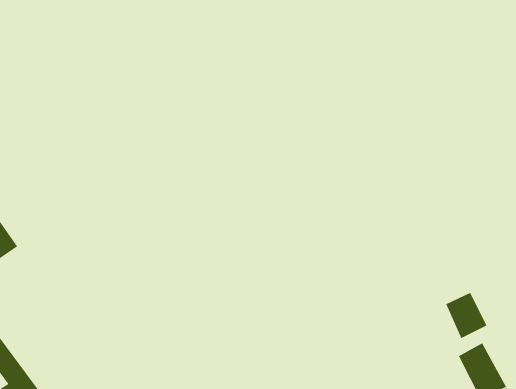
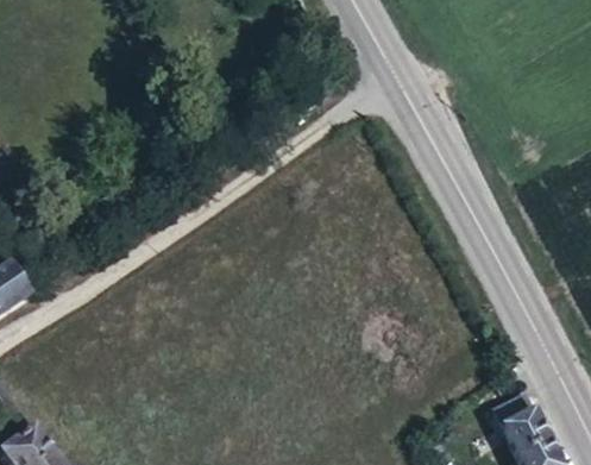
building: [445,292,488,339] -> none

